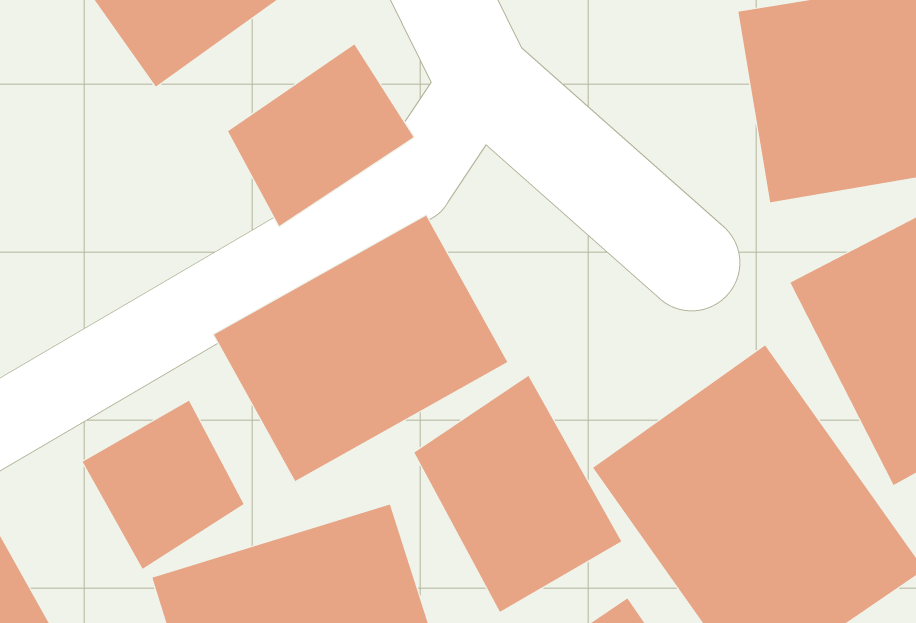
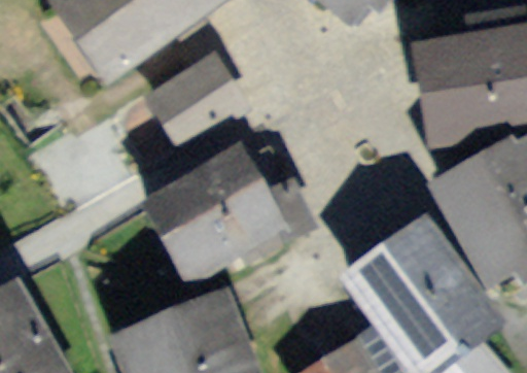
building: [414,375,622,613] -> none
building: [82,400,244,570] -> none

